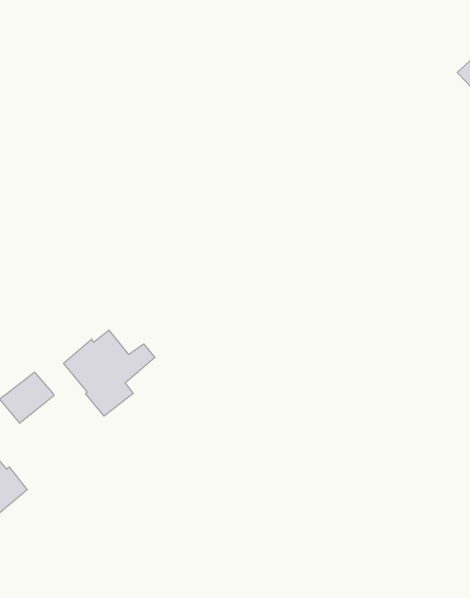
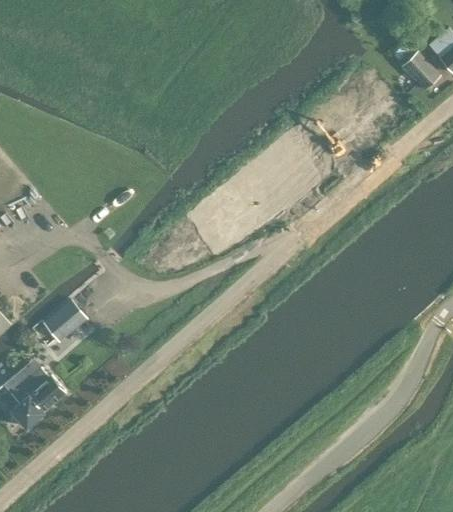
building: [64,330,155,416] -> none

